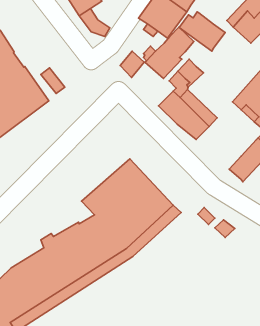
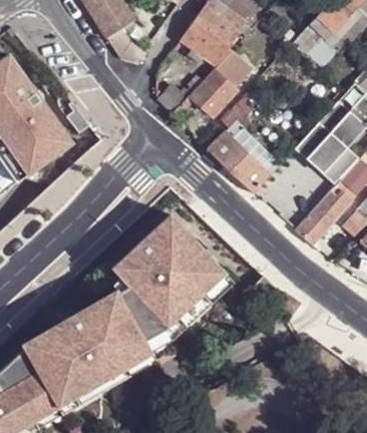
building: [179,12,225,51] -> none

